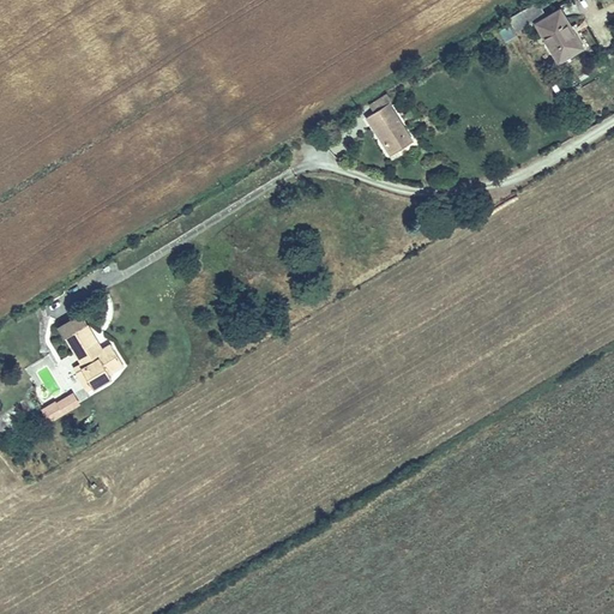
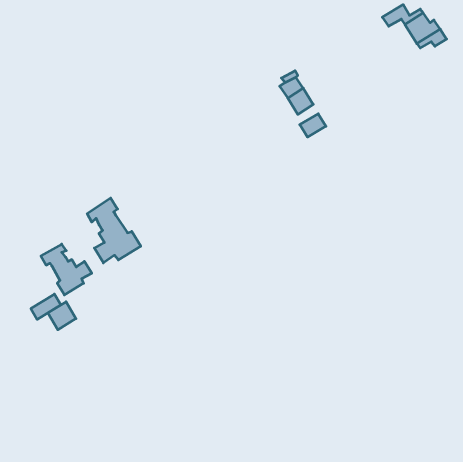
building: none -> [300,114,326,137]
building: none -> [87,198,141,263]
building: none -> [48,302,76,330]

